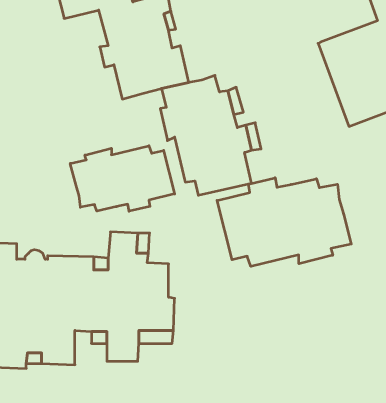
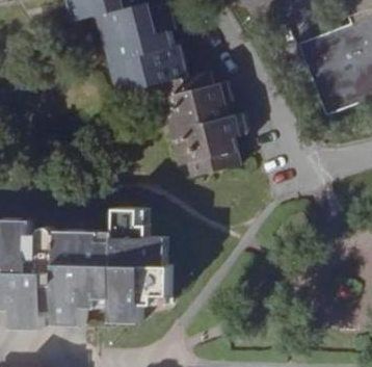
building: [70,146,175,211] -> none
building: [217,178,351,266] -> none

